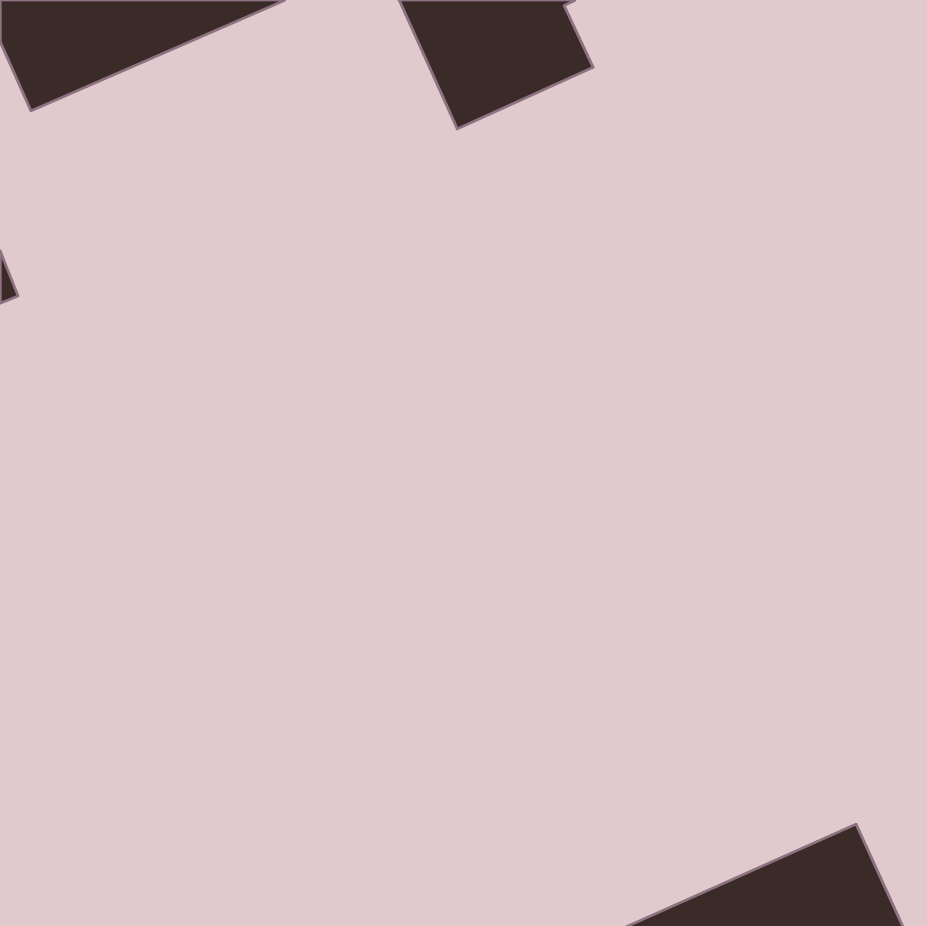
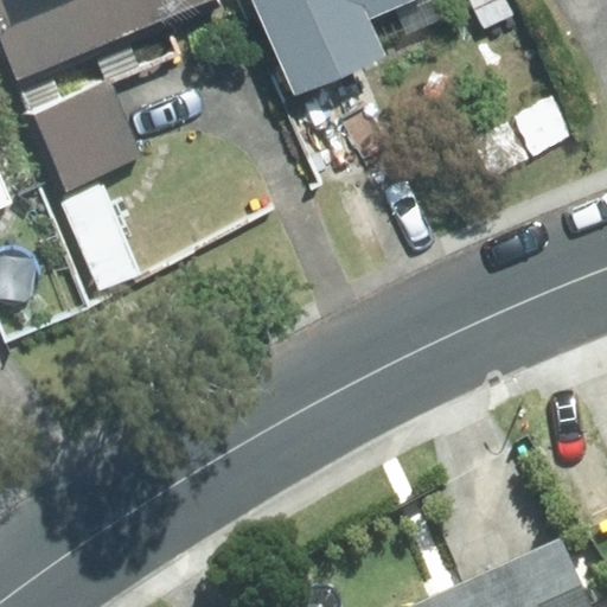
building: none -> [23,79,141,191]

